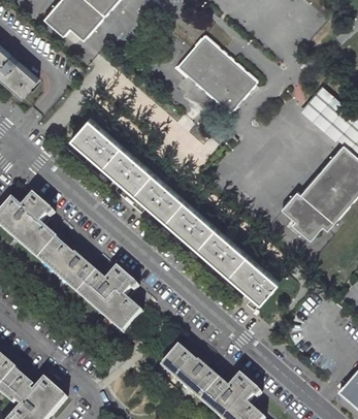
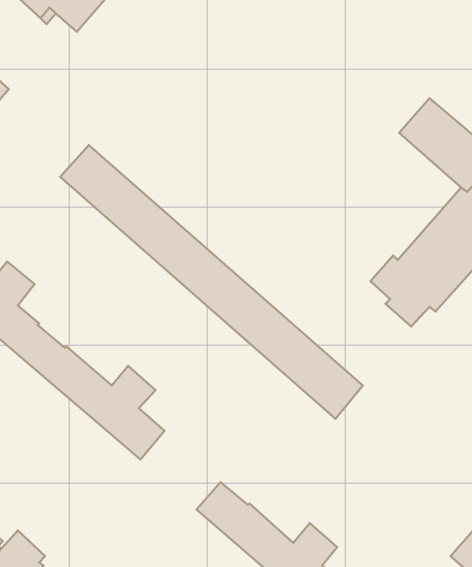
building: [176,32,256,110] -> none

